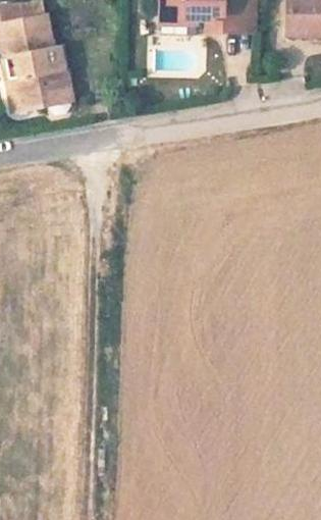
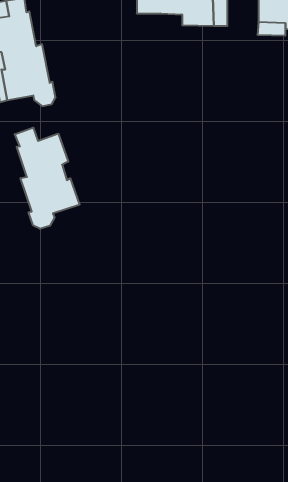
building: none -> [15,128,80,229]

